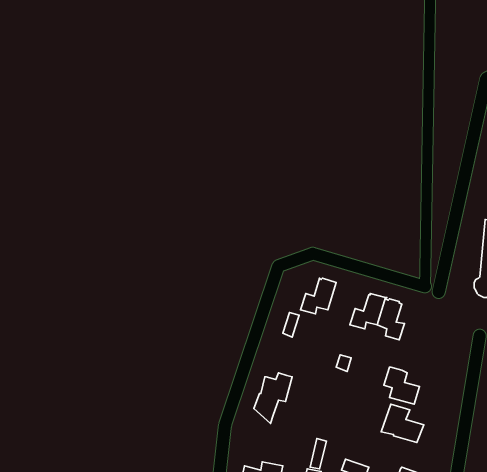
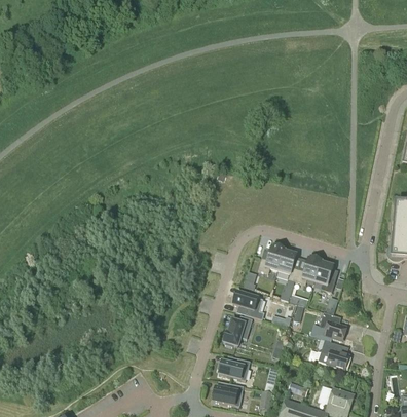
building: none -> [278,248,298,279]
building: none -> [232,290,264,318]
building: none -> [218,357,250,379]

